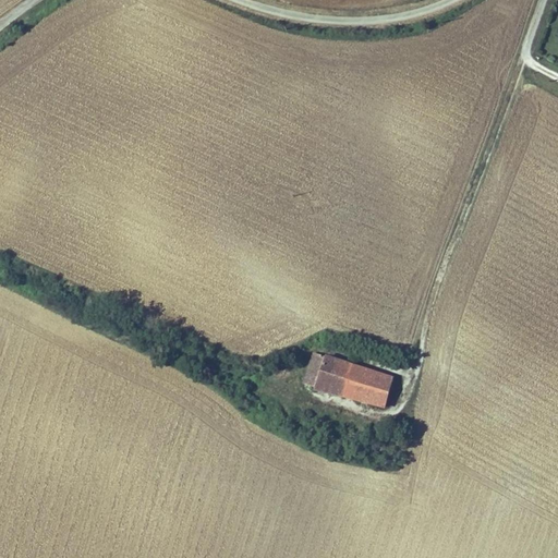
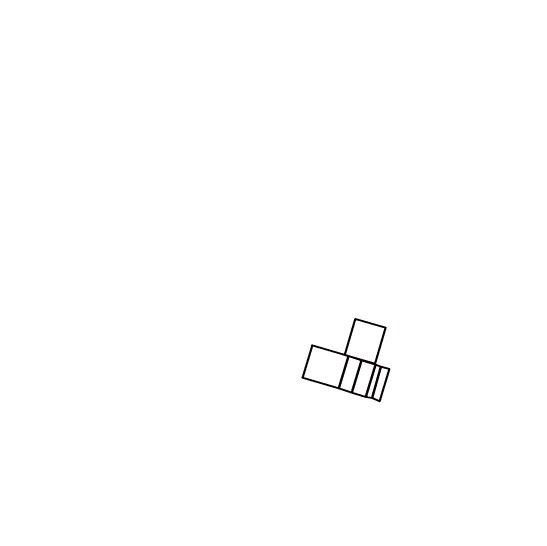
building: none -> [345,319,386,364]

